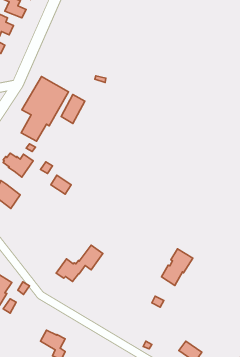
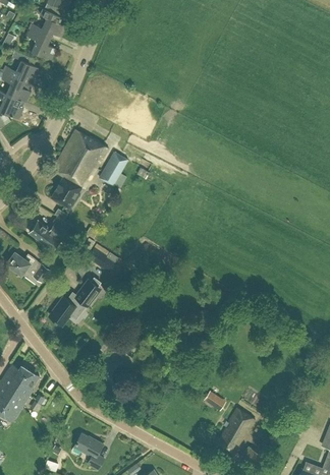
building: [56,245,103,282] -> [45,279,101,322]
building: [161,249,193,285] -> [216,409,254,453]

